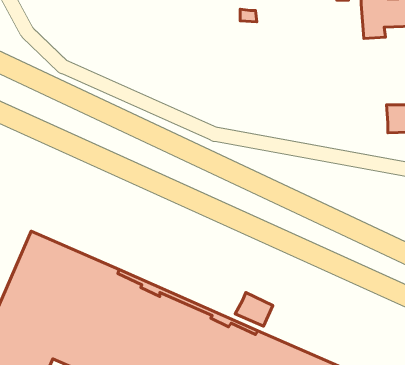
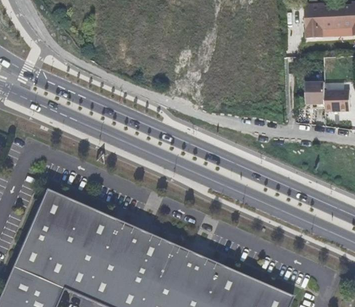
building: none -> [307,81,327,102]
building: [235,292,273,326] -> none

